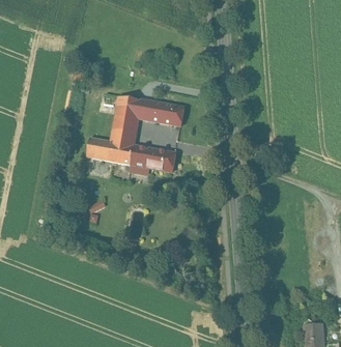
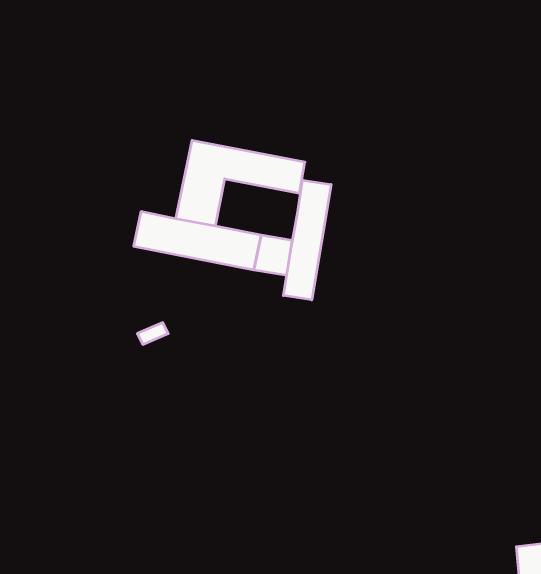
building: none -> [283,180,331,300]

